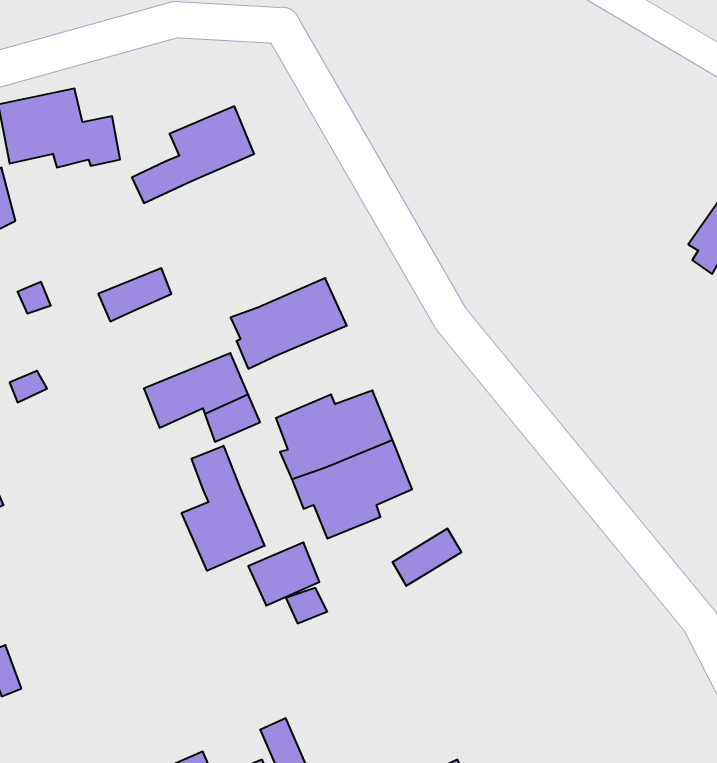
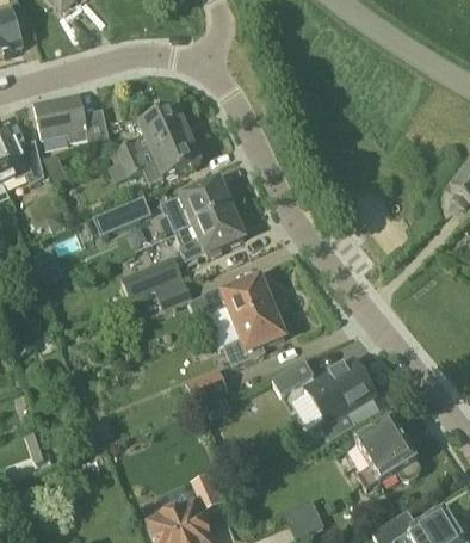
building: none -> [122,132,202,183]
building: none -> [160,179,231,233]
building: [182,446,265,571] -> none
building: none -> [305,358,376,440]
building: none -> [354,420,419,488]

